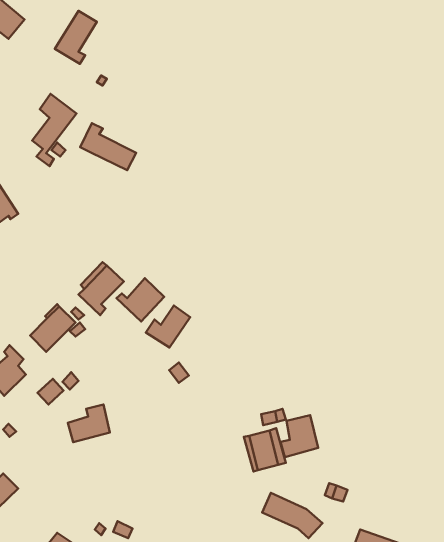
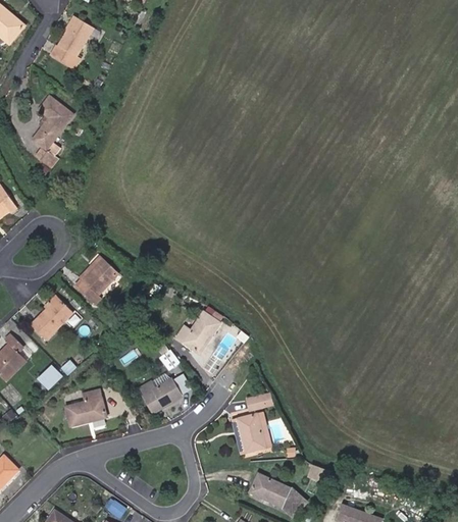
building: [80,123,136,170] -> none
building: [117,278,164,321] -> none
building: [146,305,190,347] -> [176,312,218,352]
building: none -> [139,378,181,411]
building: [281,415,318,457] -> none

